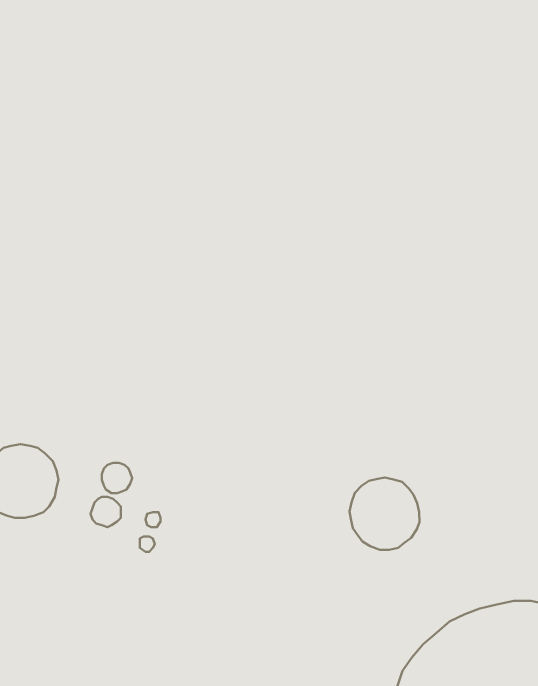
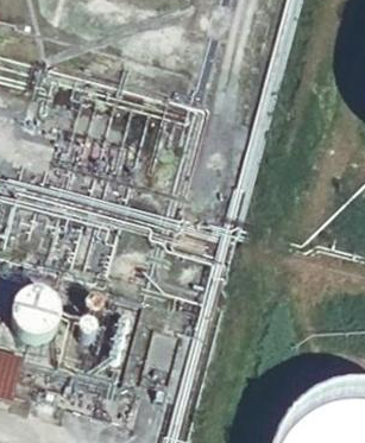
building: [349,478,420,550] -> none

